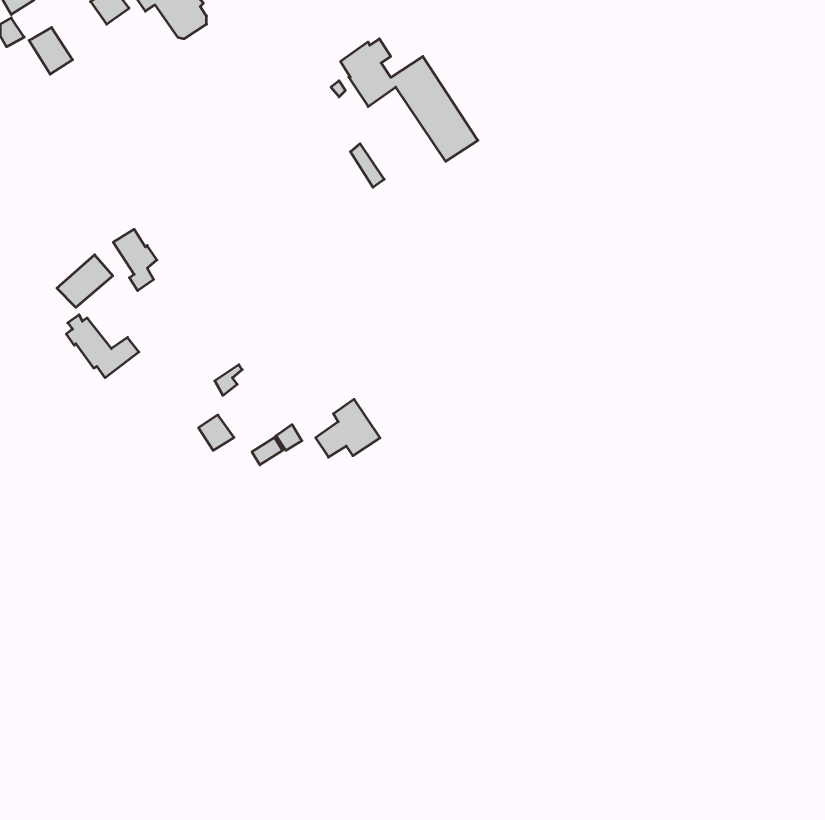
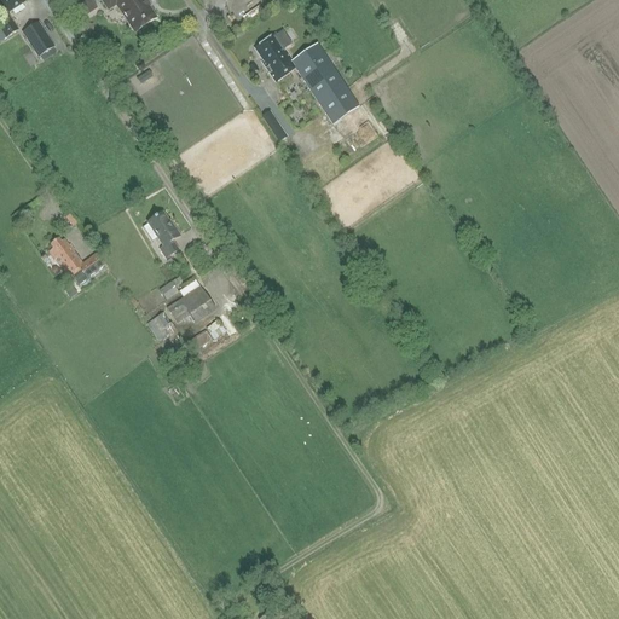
building: [113,229,157,291] -> [147,210,180,256]
building: [57,255,113,307] -> none
building: [316,399,380,457] -> [167,278,215,322]

